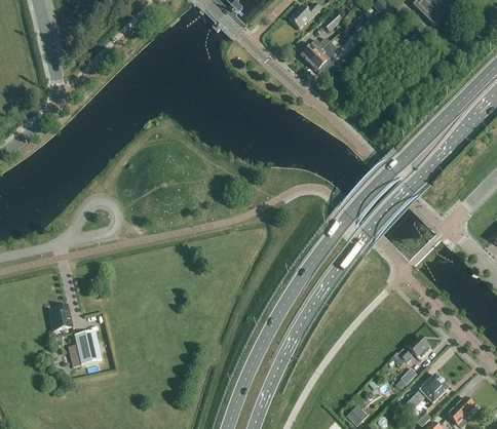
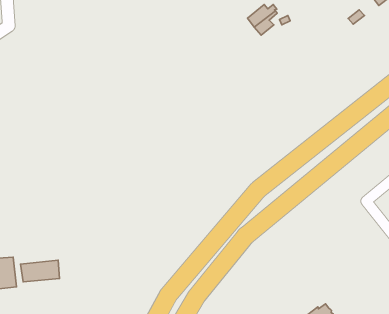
building: none -> [20,260,60,282]

